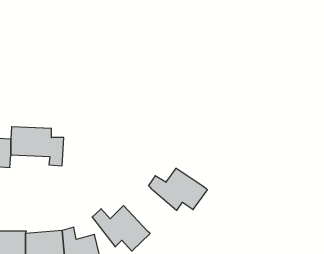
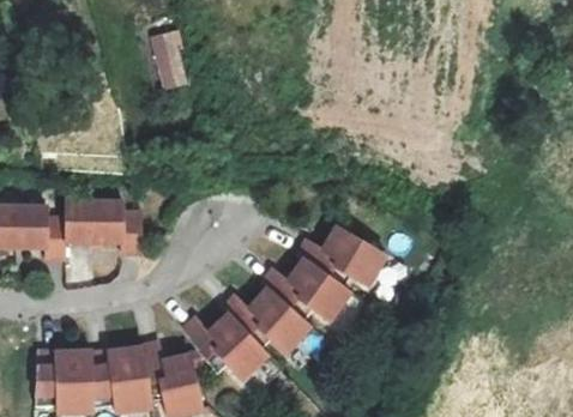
building: none -> [147,32,185,92]
building: none -> [300,231,386,286]
building: none -> [225,288,310,351]

